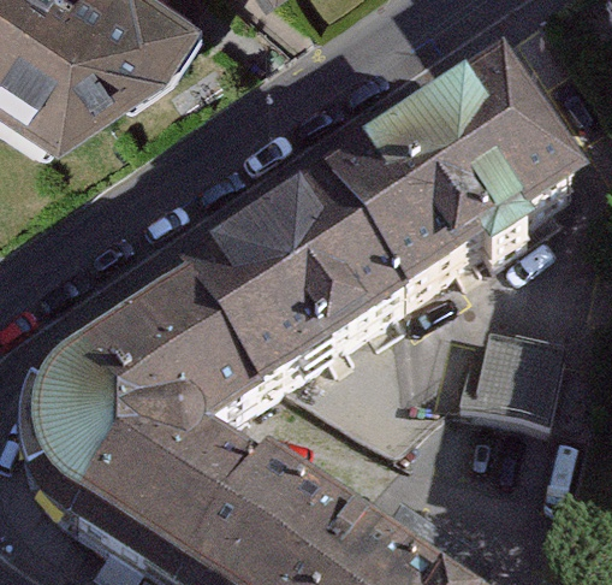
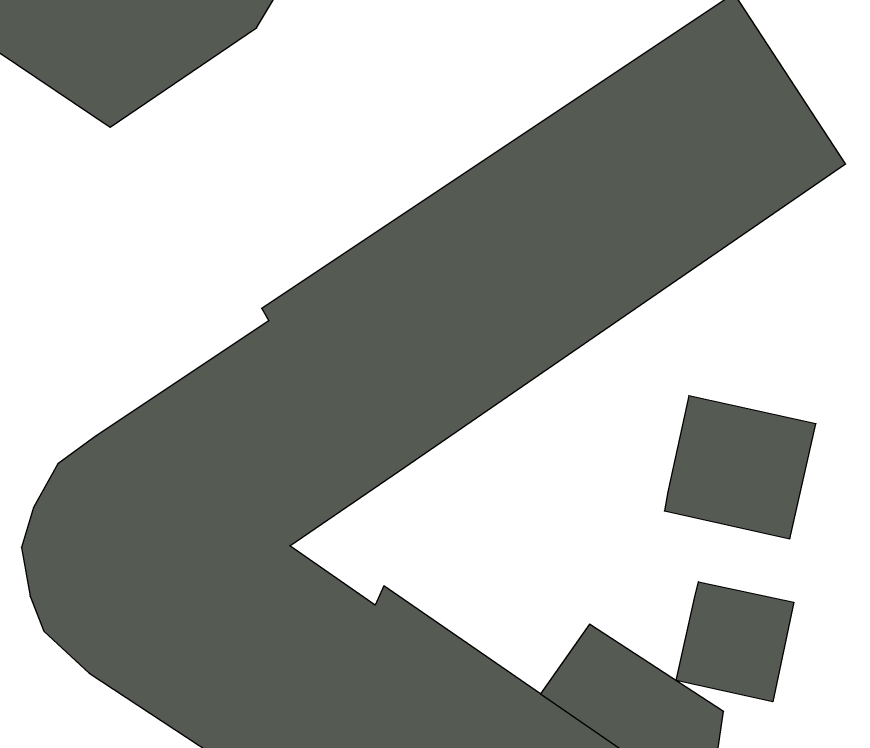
building: none -> [676,582,794,702]

